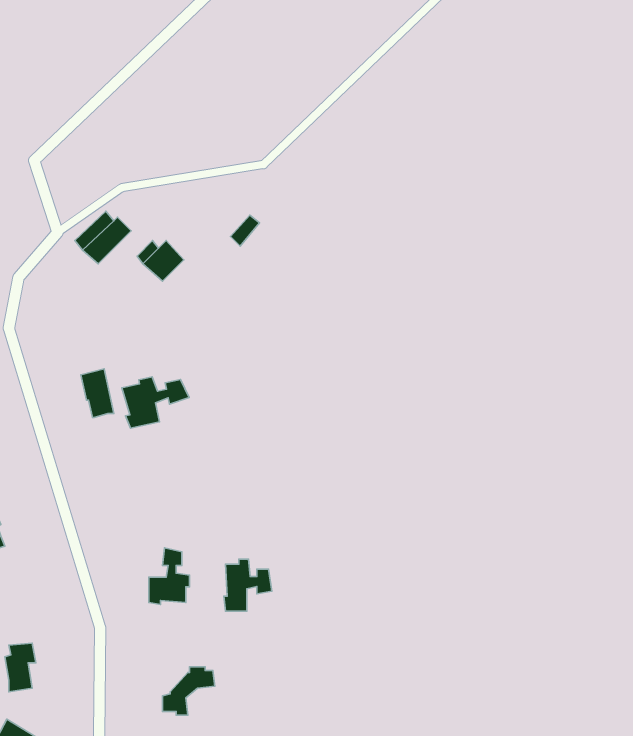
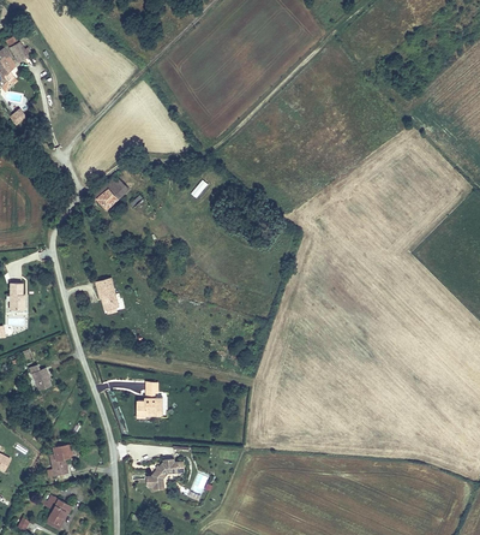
building: [122,377,189,428] -> none
building: [224,559,272,611] -> none

